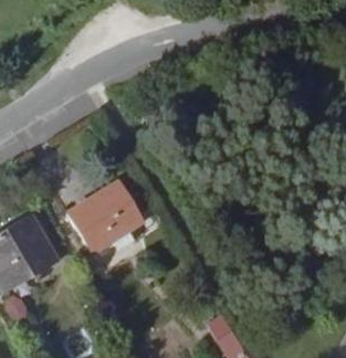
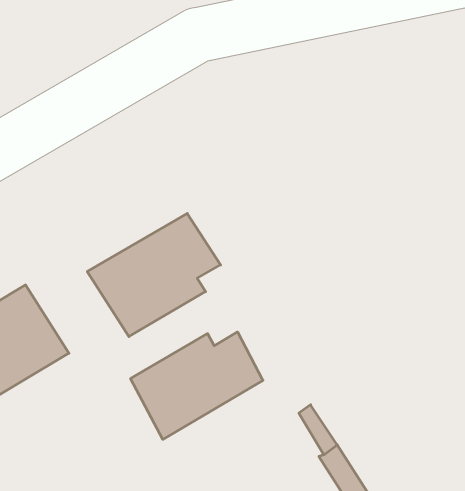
building: none -> [131,332,263,439]

